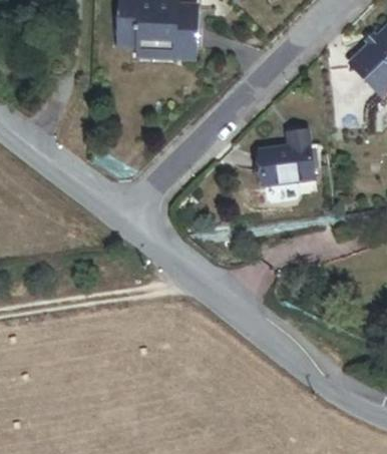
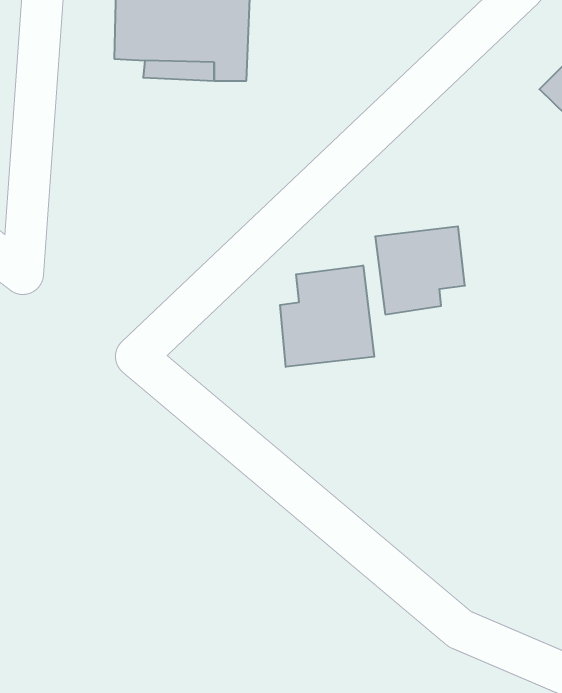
building: none -> [280,265,374,367]

